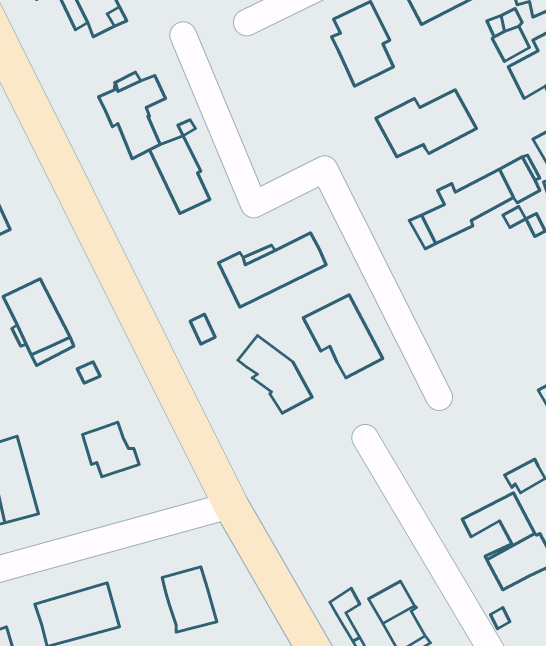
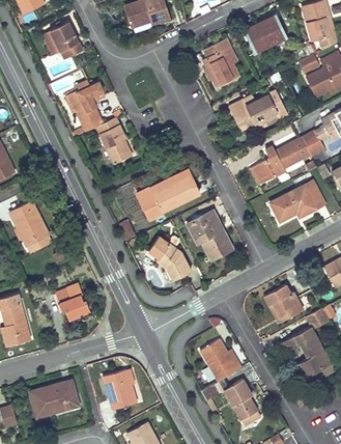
building: none -> [269,181,323,220]
building: none -> [263,284,303,323]
building: none -> [200,338,239,381]

